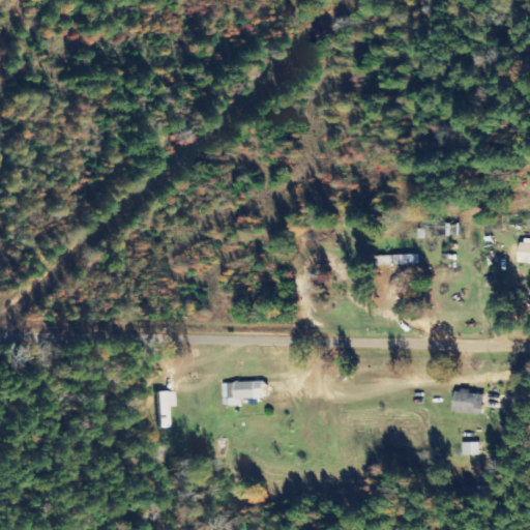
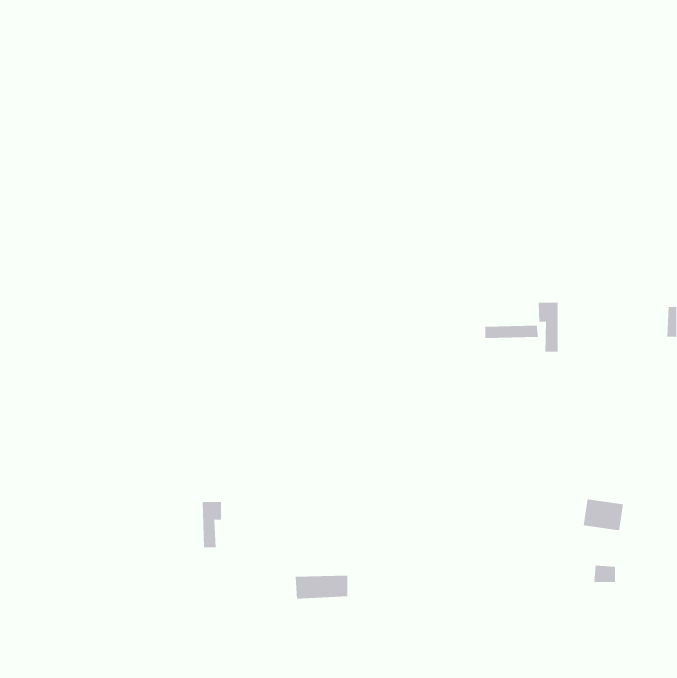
building: none -> [538,302,558,353]
building: [224,381,265,400] -> [295,575,348,599]

